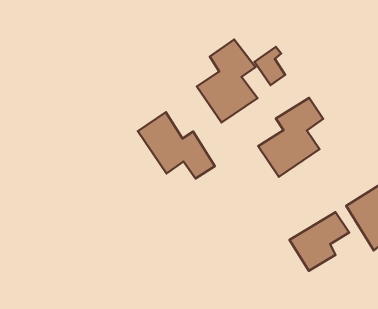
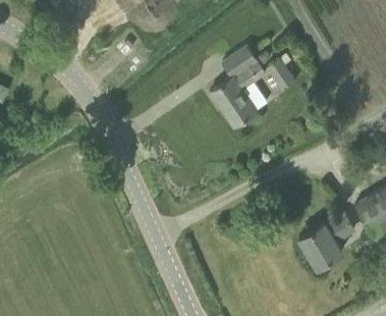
building: [258,98,323,177] -> none
building: [138,112,215,179] -> none

